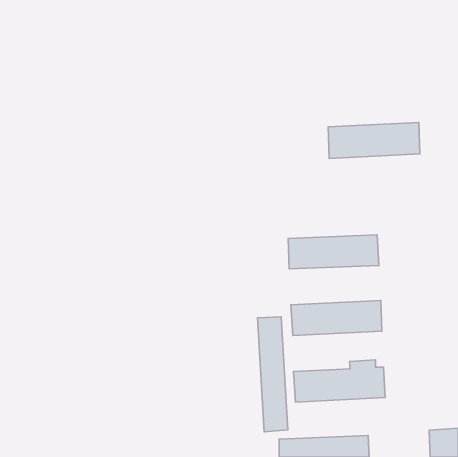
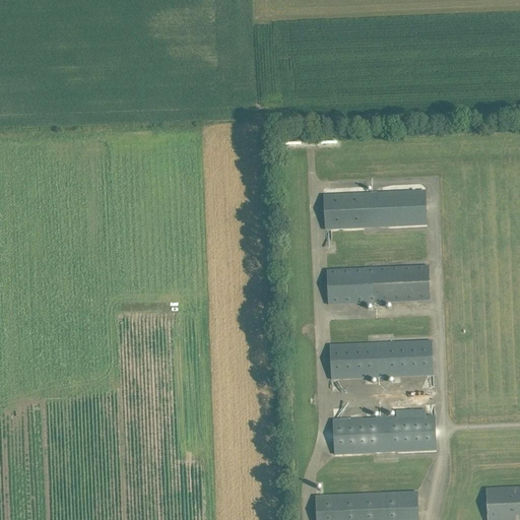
building: [328,122,420,158] -> [323,187,427,228]
building: [257,317,288,432] -> none

